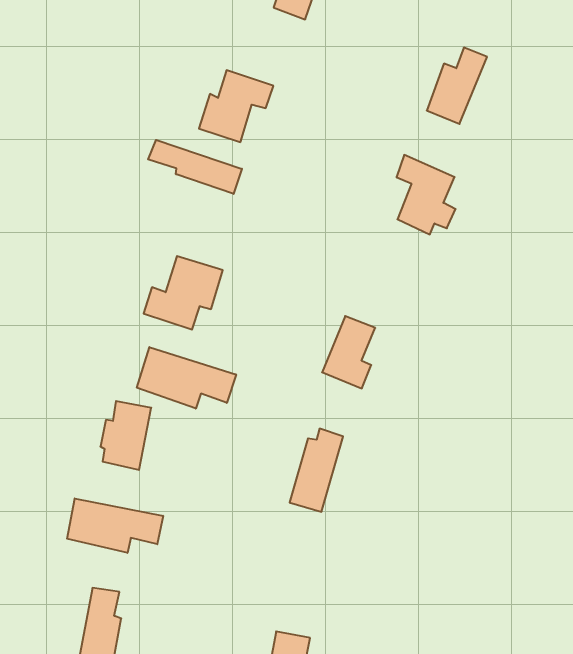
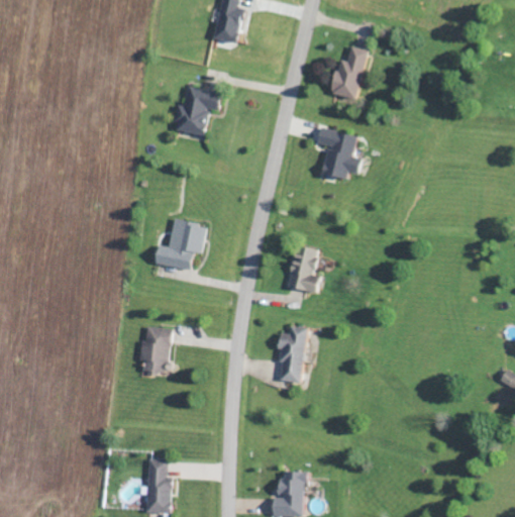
building: [148,140,242,194] -> none
building: [137,347,236,409] -> none
building: [67,498,163,553] -> none

